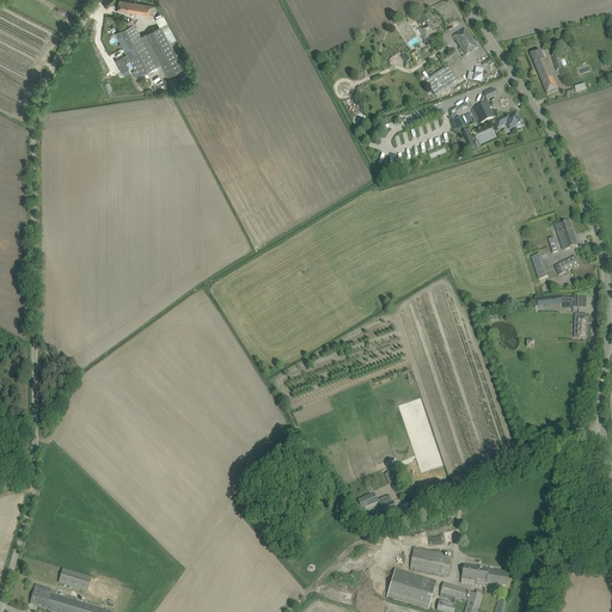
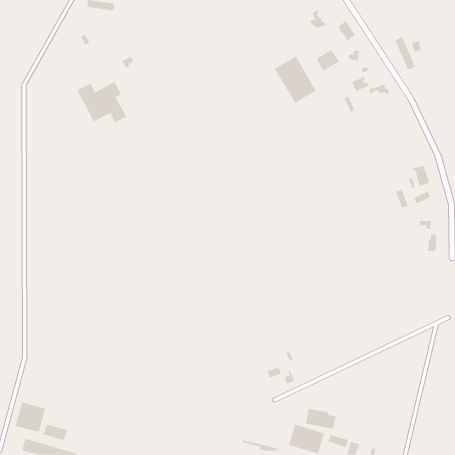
building: [115,20,183,76] -> [76,81,127,123]
building: none -> [274,56,316,103]
building: none -> [15,402,46,432]
building: [460,564,507,586] -> none

